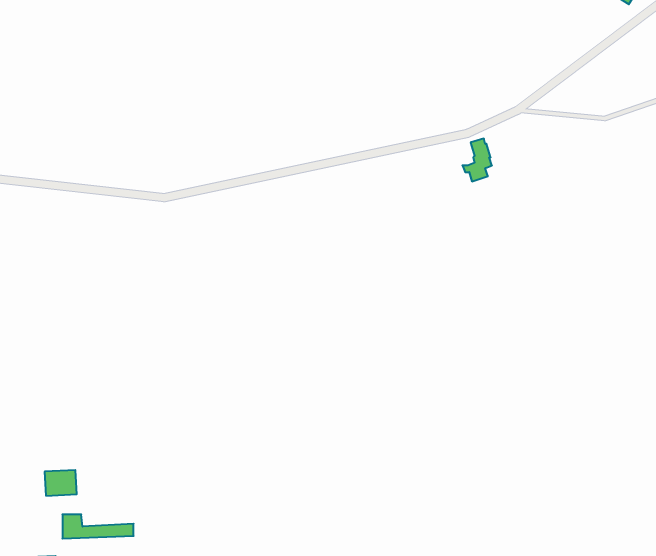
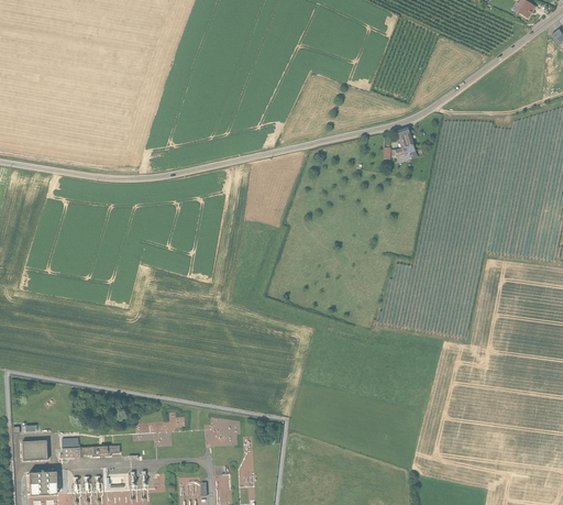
building: [45,470,77,496] -> [21,439,47,460]

